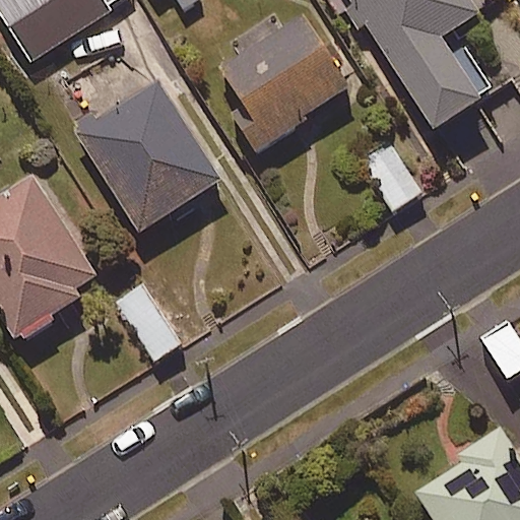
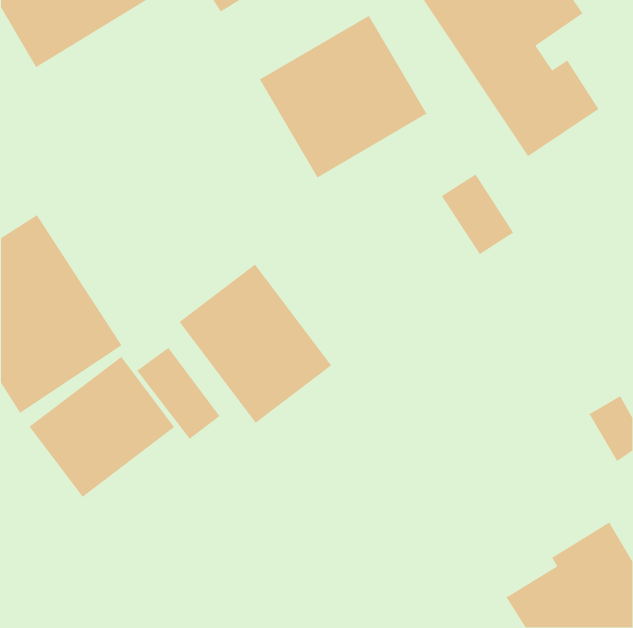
building: [73,81,219,233] -> none
building: none -> [178,264,332,424]
building: none -> [28,356,175,498]

